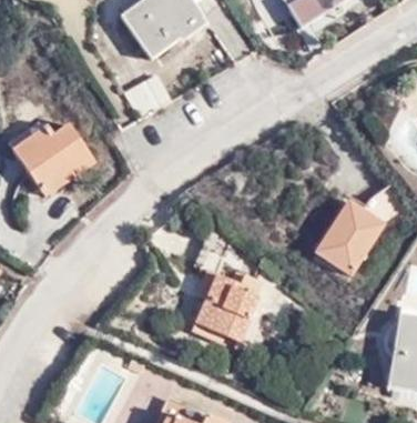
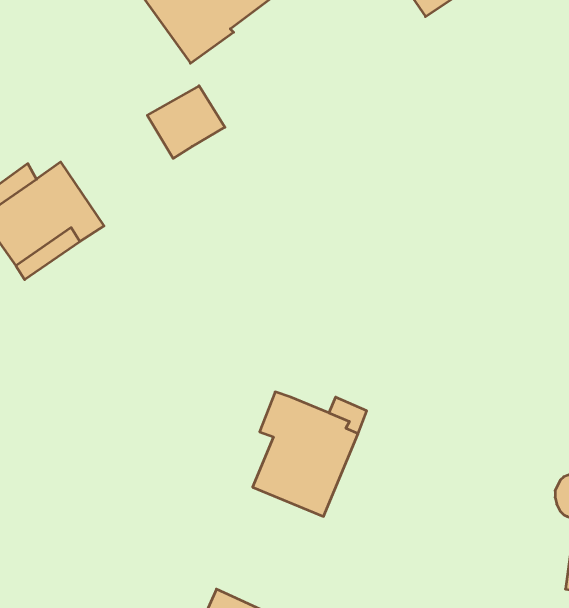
building: [316,200,386,275] -> none

